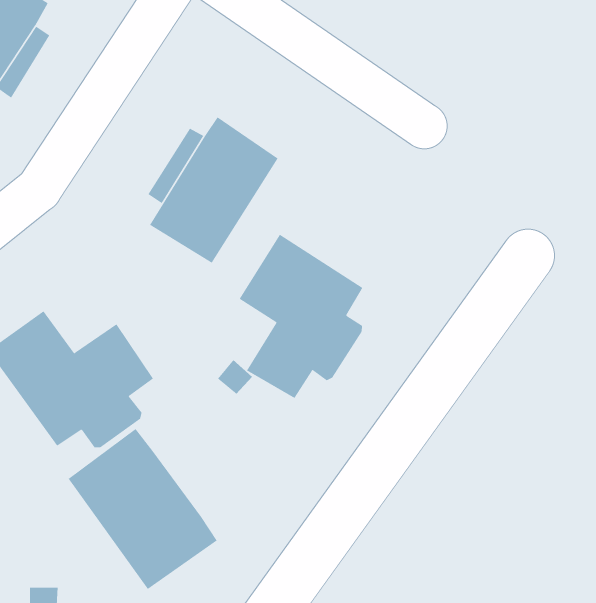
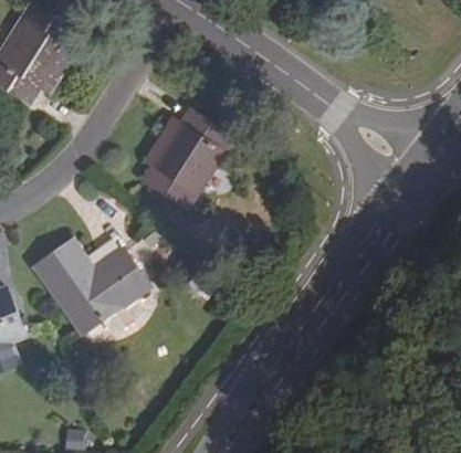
building: [239,234,363,399] -> none
building: [68,428,217,590] -> none

